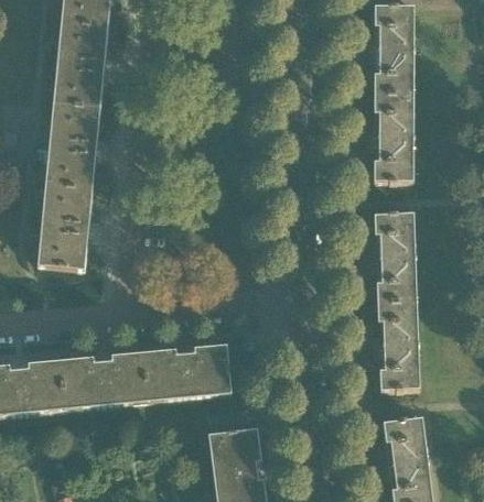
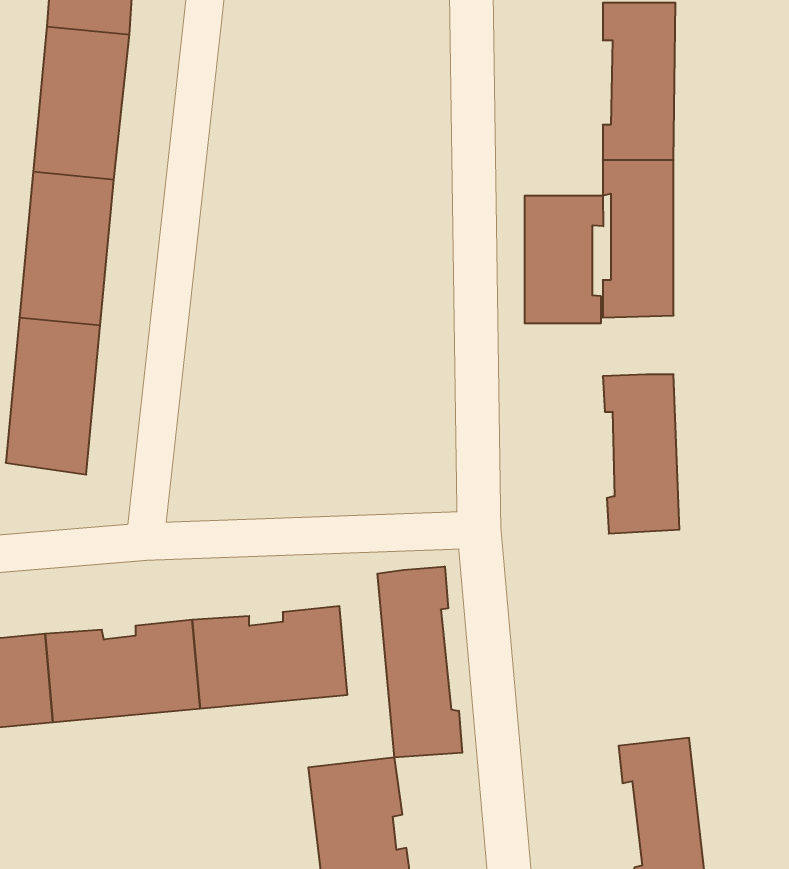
building: none -> [525,196,603,323]
building: [377,301,419,390] -> none
building: none -> [377,566,462,758]

